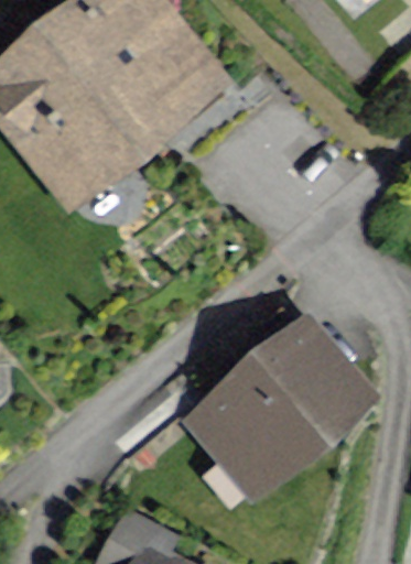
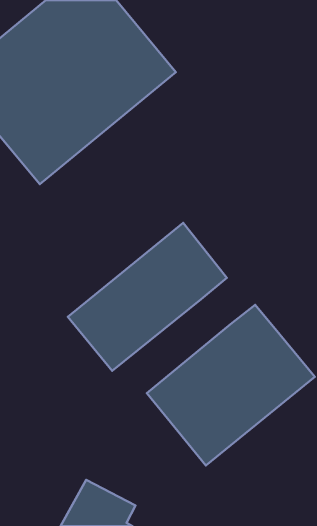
building: none -> [68,223,227,371]

